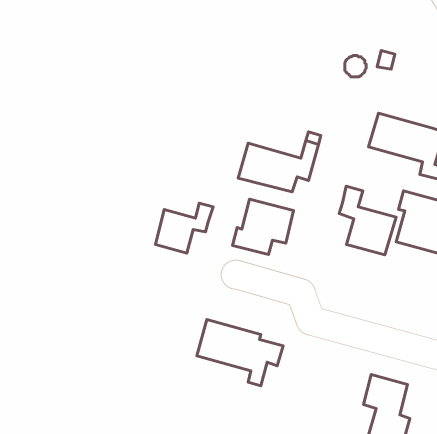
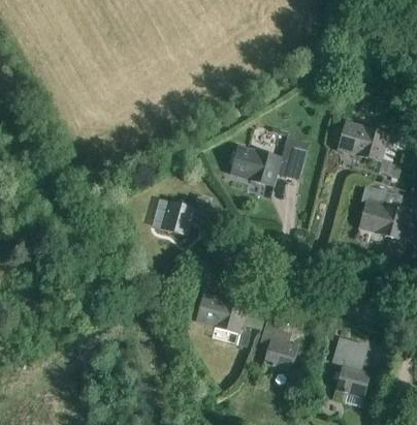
building: [339,186,396,255] -> none
building: [233,199,293,255] -> none
building: none -> [263,321,298,373]

